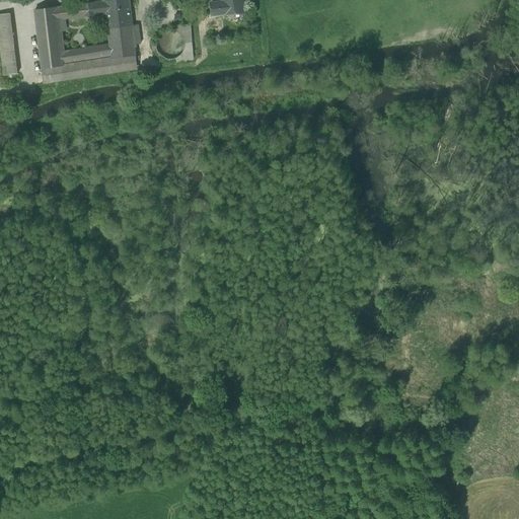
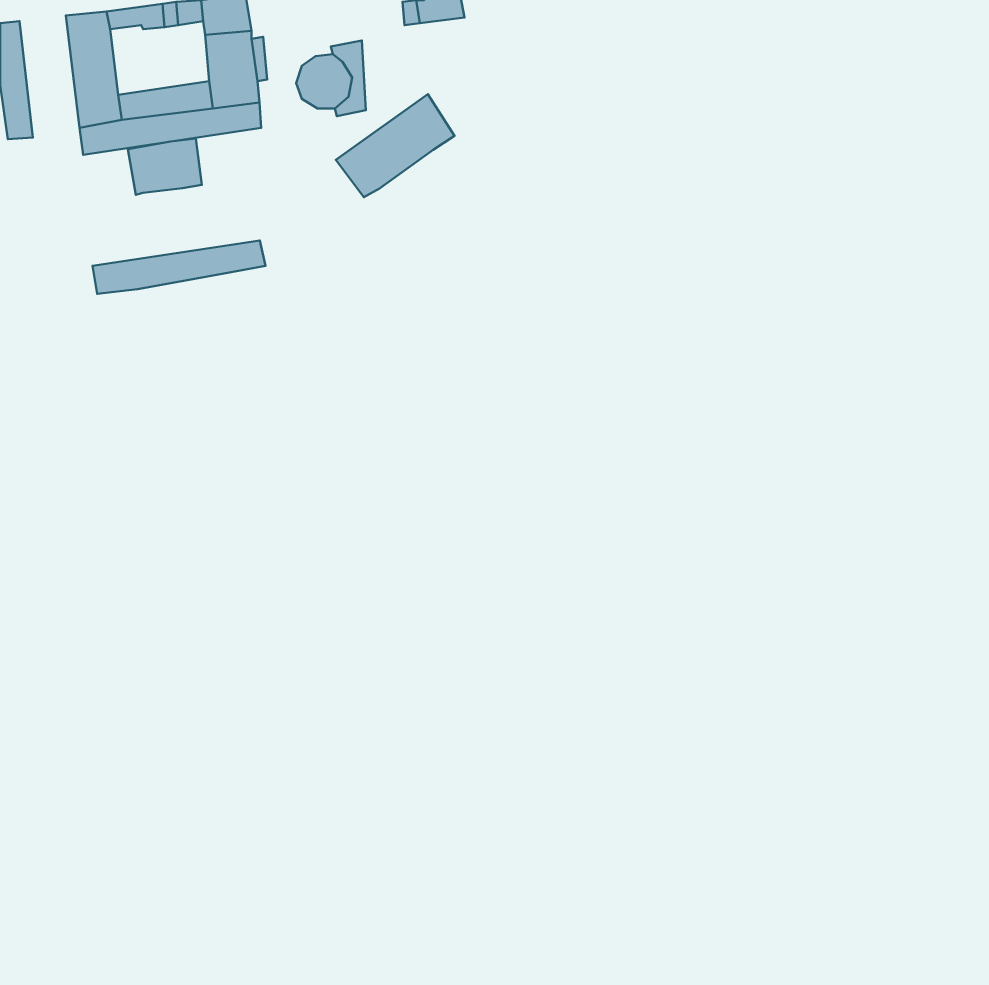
building: none -> [336,94,454,197]
building: none -> [128,139,202,195]
building: none -> [93,240,265,294]

